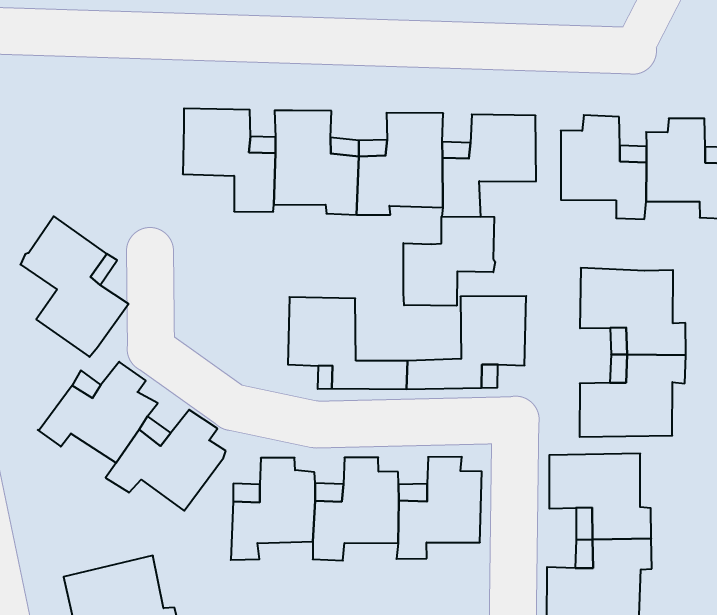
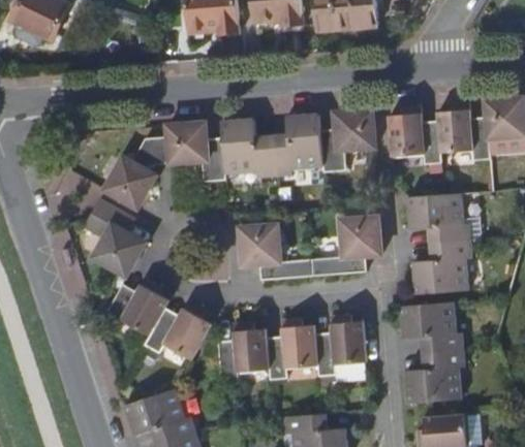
building: none -> [134,137,171,167]
building: none -> [102,156,155,209]
building: [403,216,495,306] -> none

